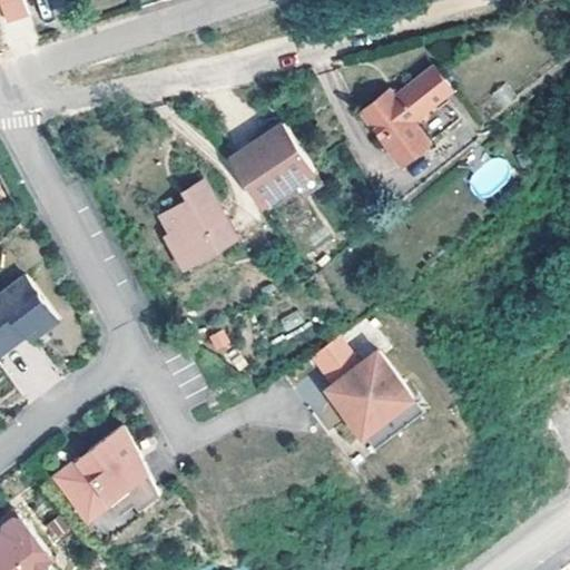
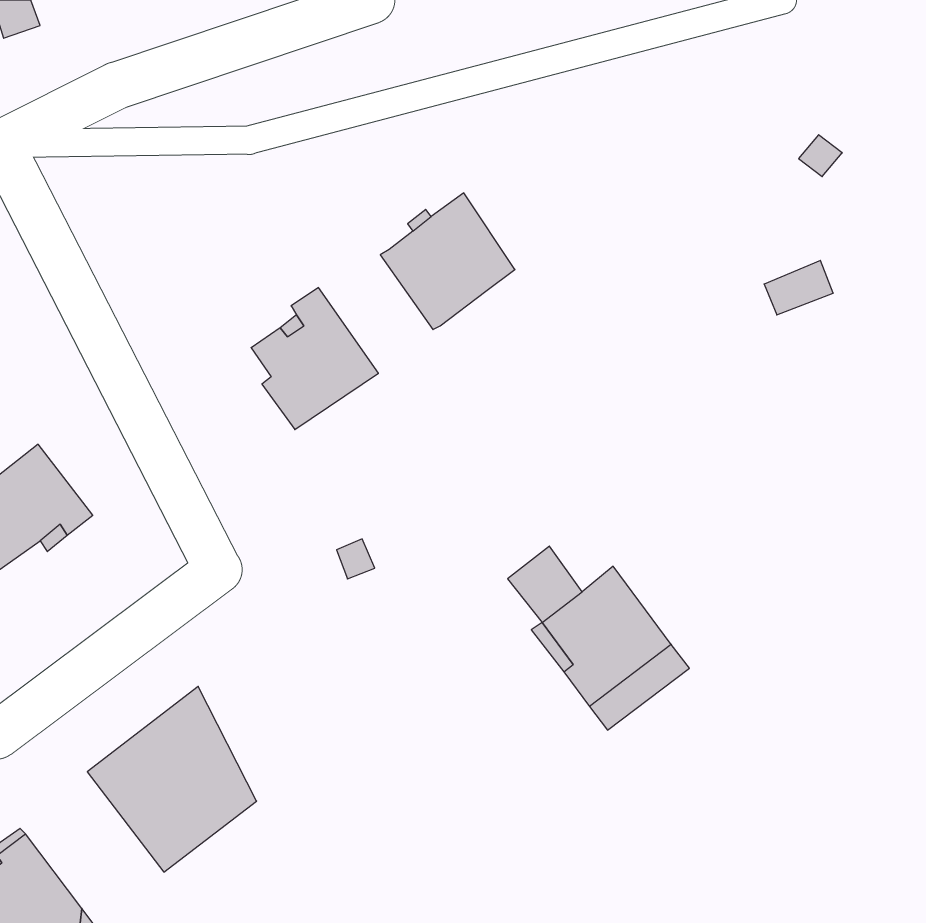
building: [361,66,449,164] -> none

